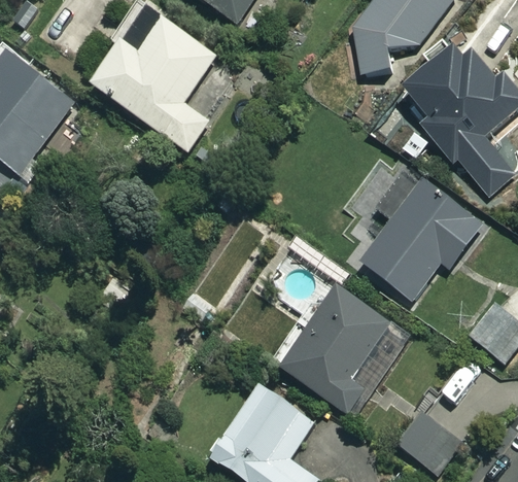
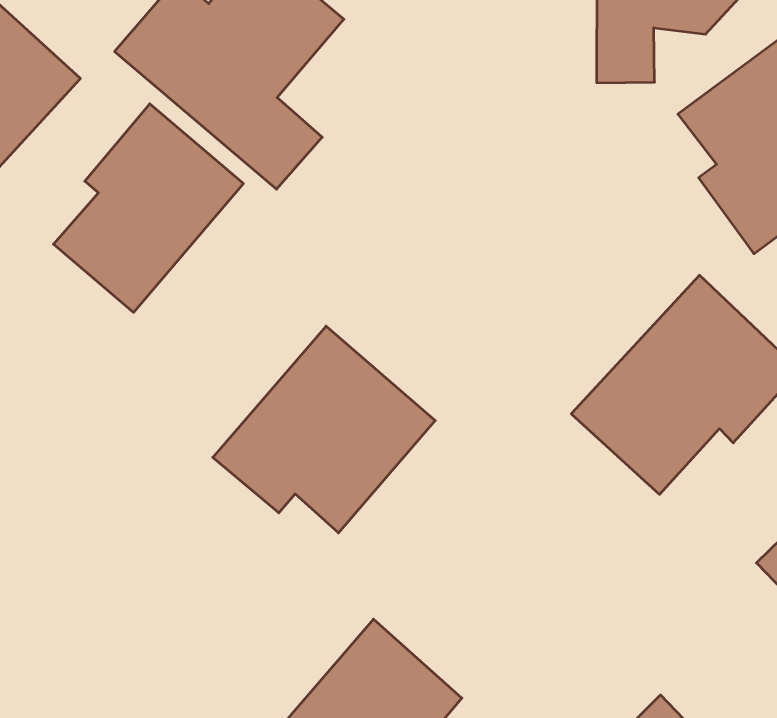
building: none -> [53,104,243,312]
building: none -> [213,326,435,533]
building: [280,284,408,415] -> none

